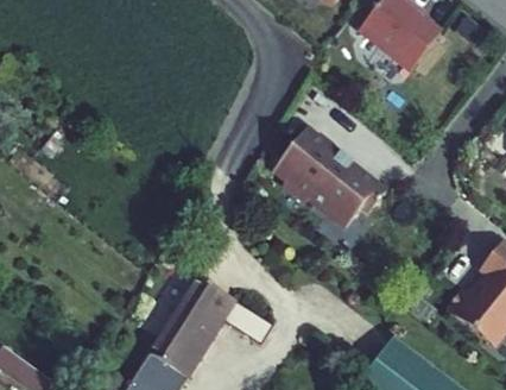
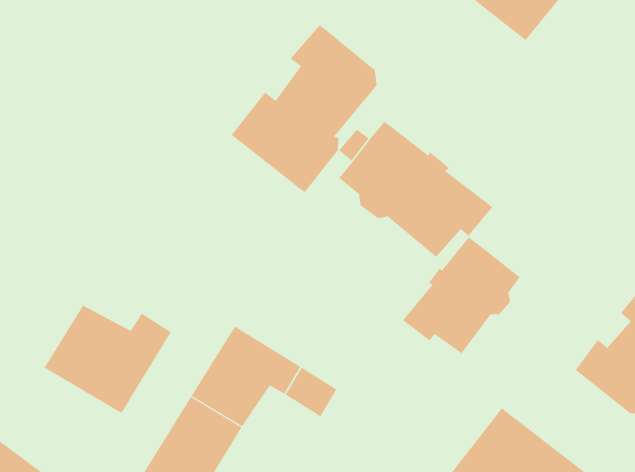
building: none -> [231,24,377,193]
building: none -> [402,236,521,354]
building: none -> [44,305,171,414]

